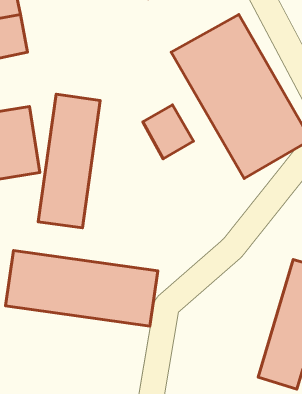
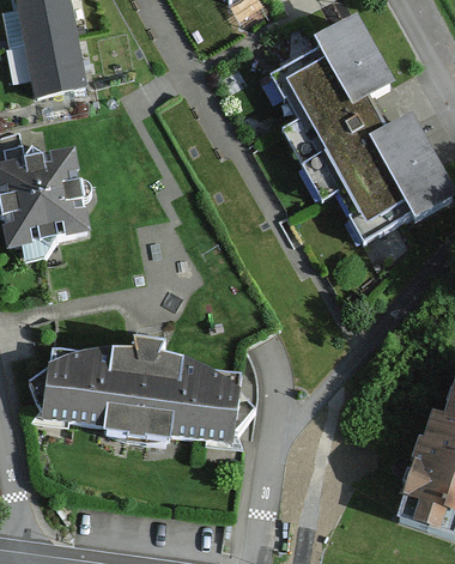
building: [38,94,100,228] -> none
building: [143,105,194,159] -> none

